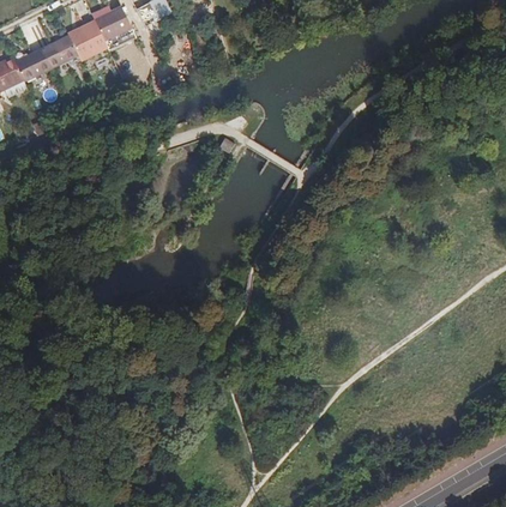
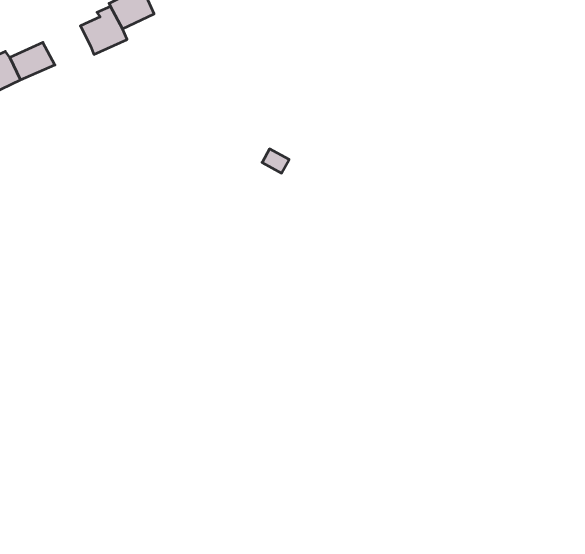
building: [41,37,79,70] -> none

